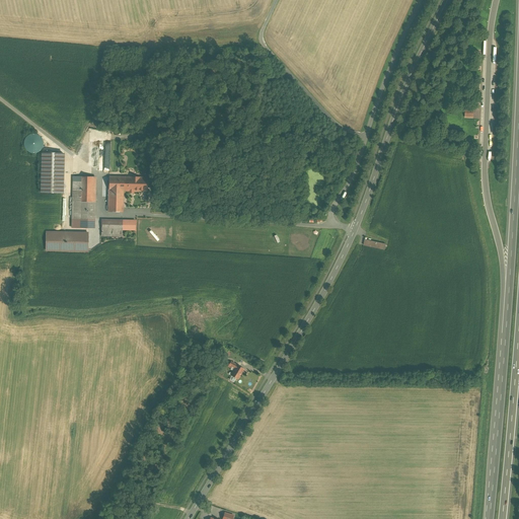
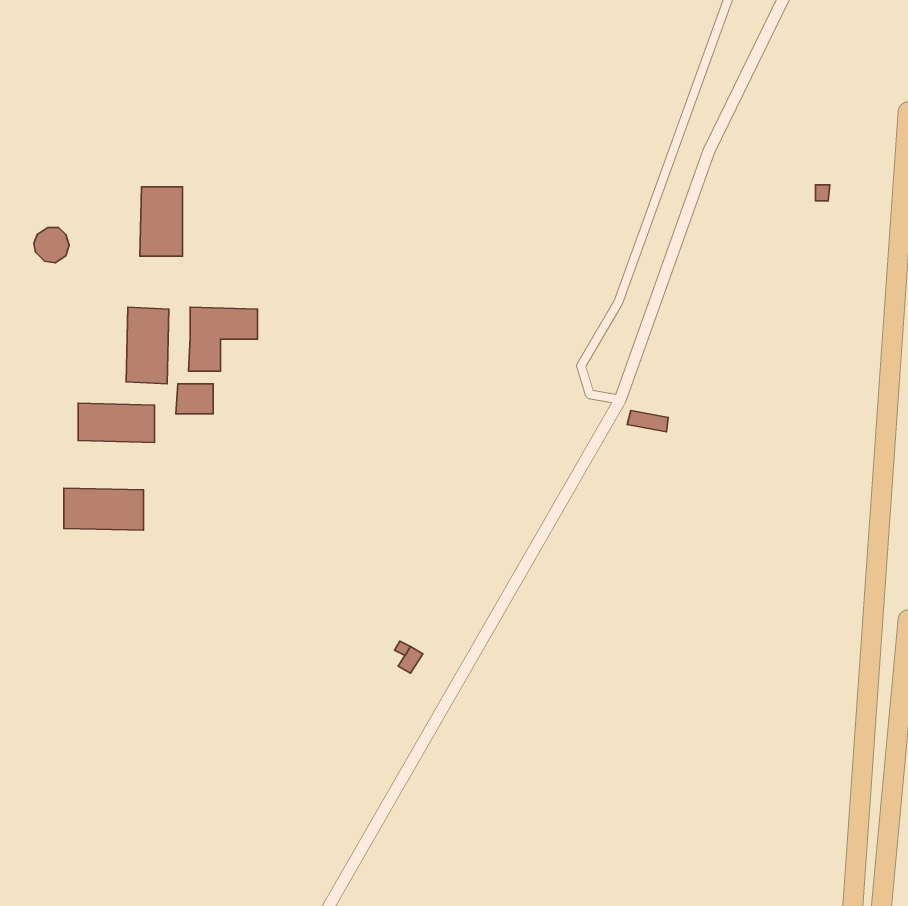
building: [40,153,64,193] -> [140,187,182,256]
building: none -> [64,488,144,530]

